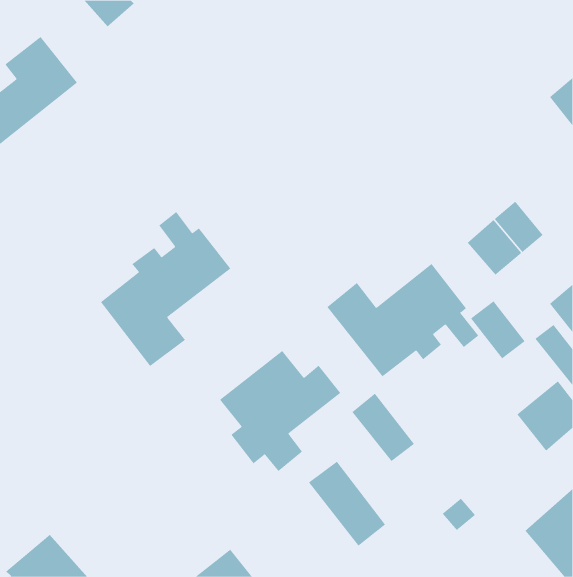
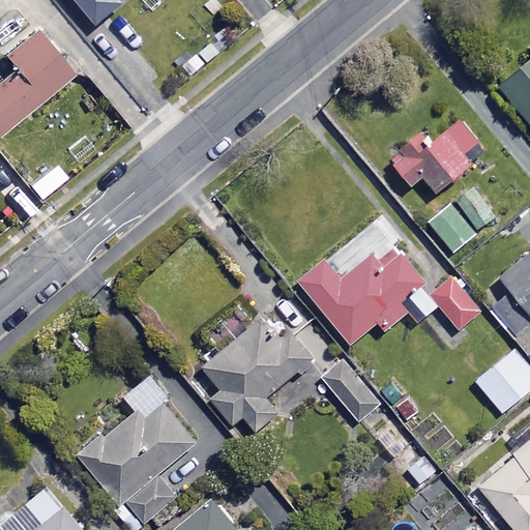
building: none -> [389,120,488,195]
building: [100,211,231,367] -> none
building: none -> [82,379,196,524]
building: [308,461,386,547] -> none

